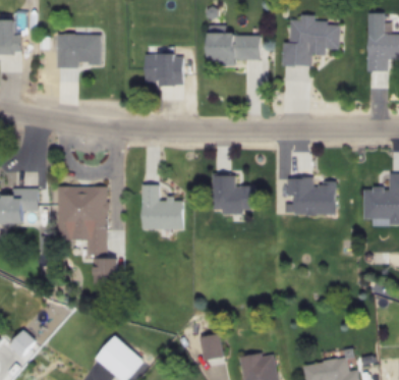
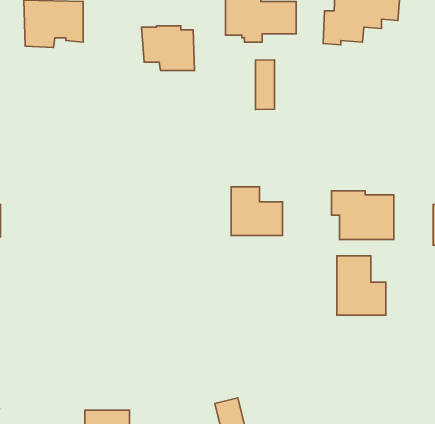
building: none -> [255,60,275,110]
building: [141,184,184,230] -> none
building: [57,186,116,282] -> none
building: none -> [337,256,386,315]

